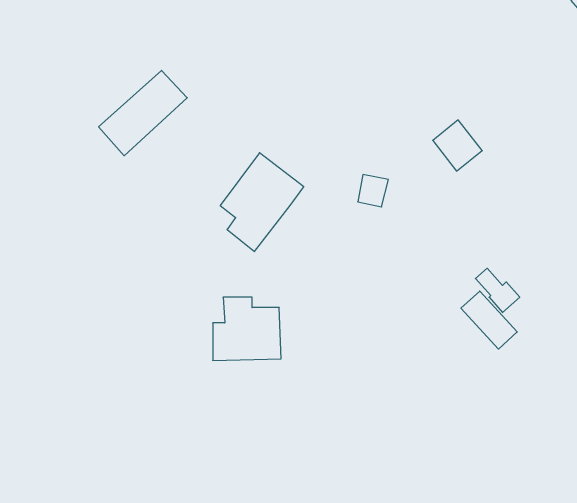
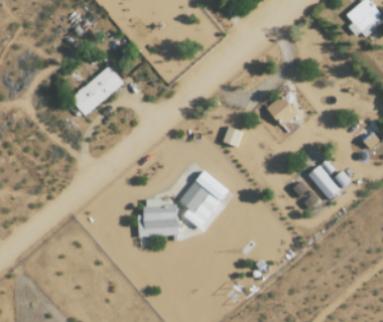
building: [220,153,304,252] -> [179,170,229,228]
building: [461,291,517,349] -> [307,165,341,199]

